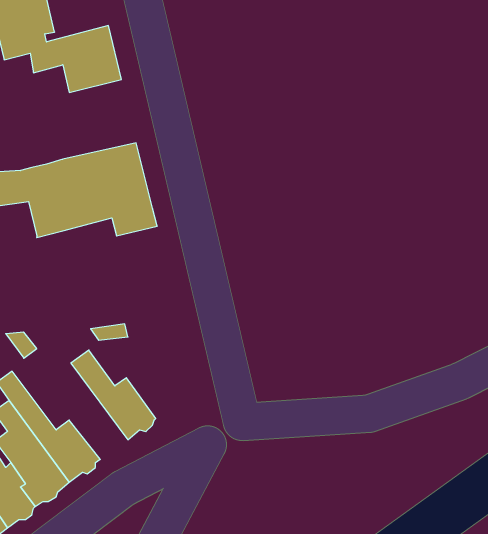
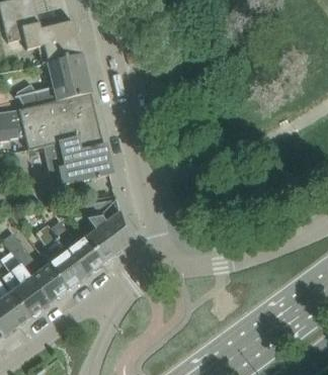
building: none -> [15,54,90,107]
building: none -> [45,139,110,184]
building: none -> [84,199,128,264]
building: none -> [36,226,85,289]

